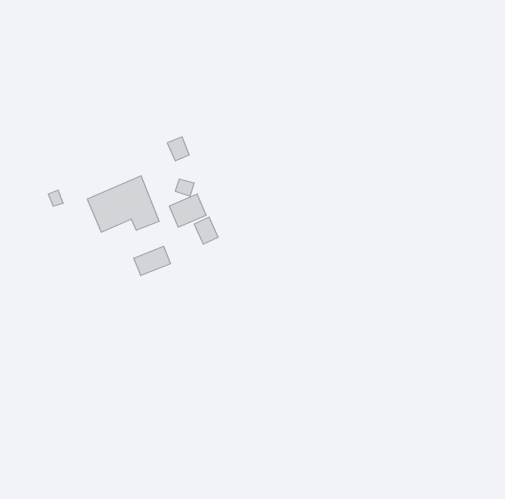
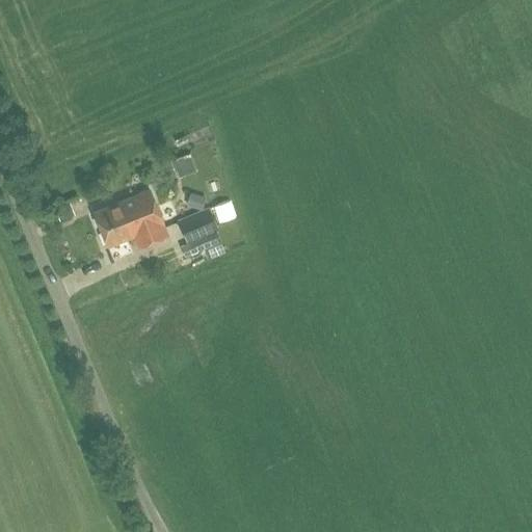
building: [134,246,170,276] -> none

